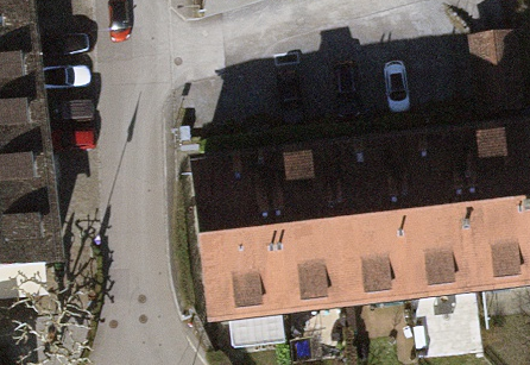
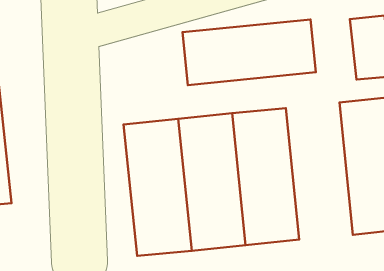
building: none -> [183,19,316,85]
building: [395,130,478,300] -> none

